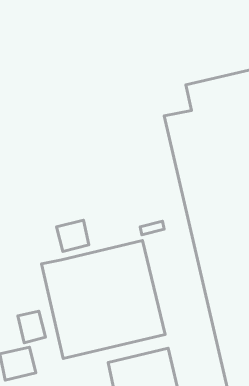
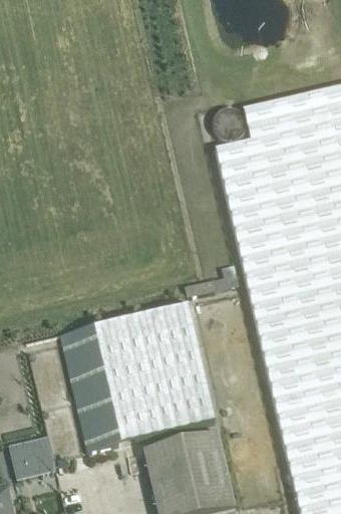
building: [57,220,89,251] -> none
building: [18,311,45,343] -> none

